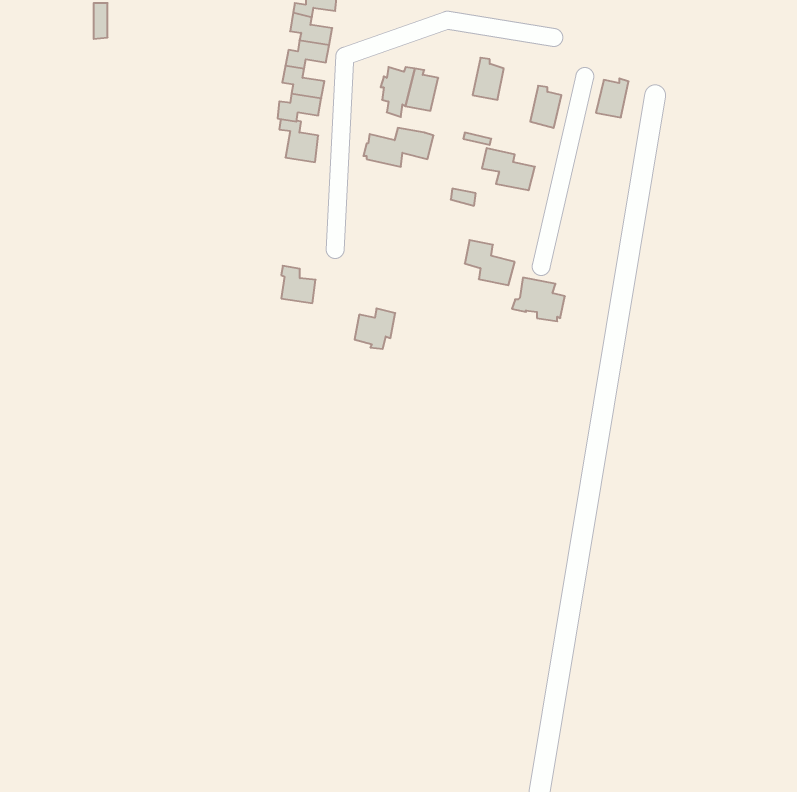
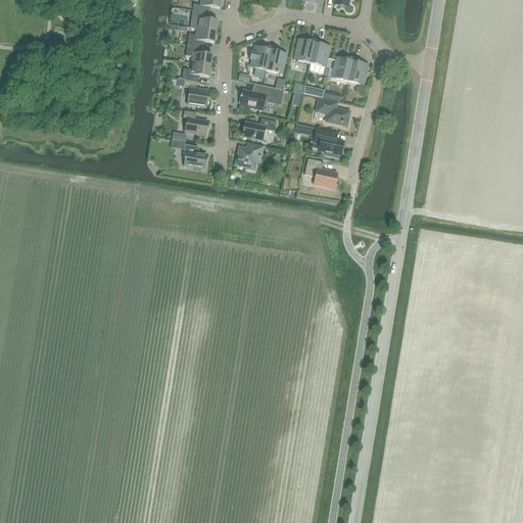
building: none -> [293,37,315,62]
building: [596,78,629,117] -> [331,54,352,80]
building: none -> [183,109,207,134]
building: none -> [241,116,277,139]
building: [281,266,316,303] -> [184,143,206,168]
building: [512,278,565,321] -> [308,128,343,156]
building: [355,308,395,349] -> [236,142,263,169]

